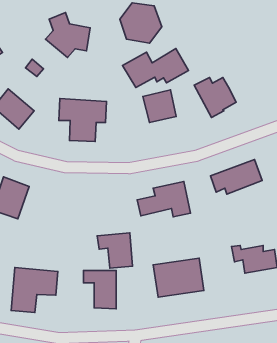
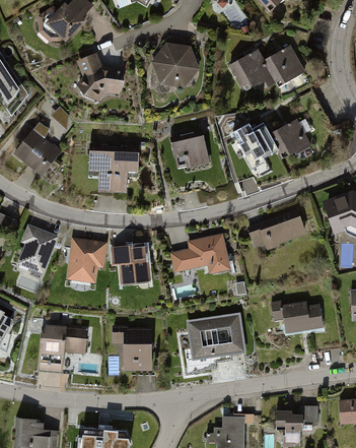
building: [123,48,188,88] -> [231,47,301,88]
building: none -> [269,118,310,155]
building: none -> [68,241,108,282]
building: [97,233,133,268] -> [113,247,150,284]

